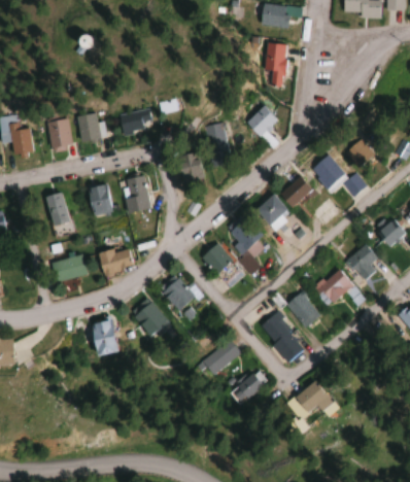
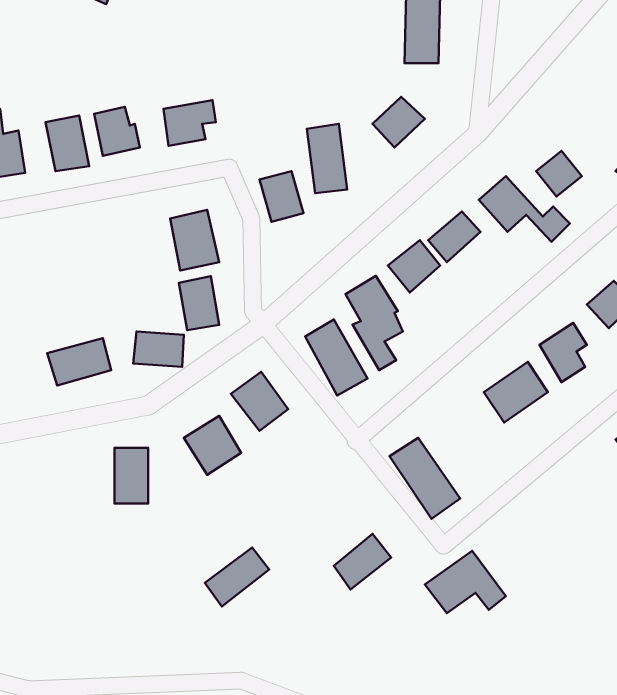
building: [90,183,114,216] -> [179,276,219,330]
building: [46,192,72,227] -> none
building: [286,291,319,328] -> none
building: [200,340,239,376] -> [205,547,269,607]

